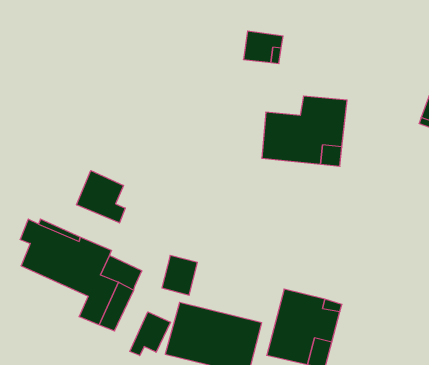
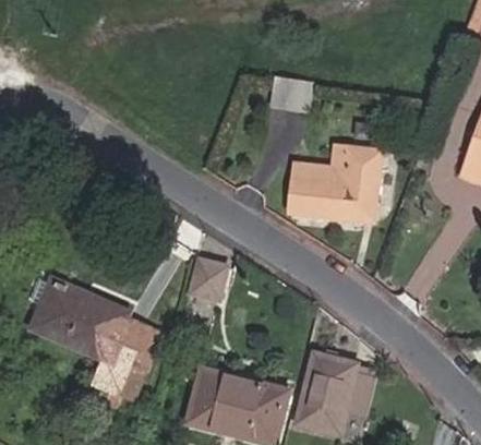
building: [77,171,125,223] -> none
building: [162,255,197,295] -> [190,258,228,301]
building: [130,312,170,356] -> none

